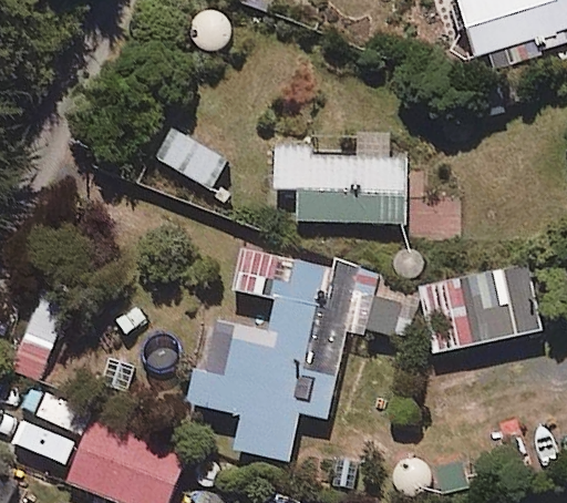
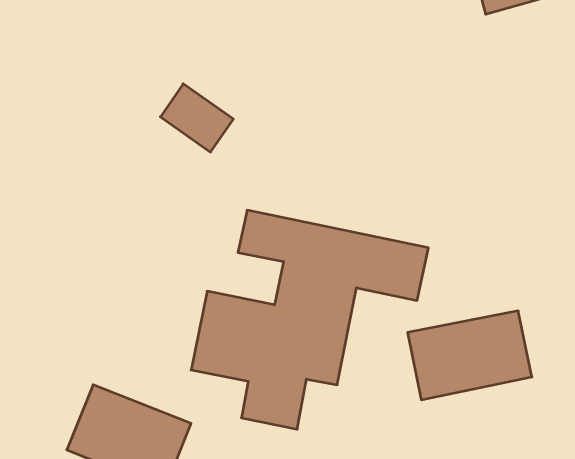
building: [272,114,405,223] -> none
building: [423,265,544,351] -> [408,311,532,400]

